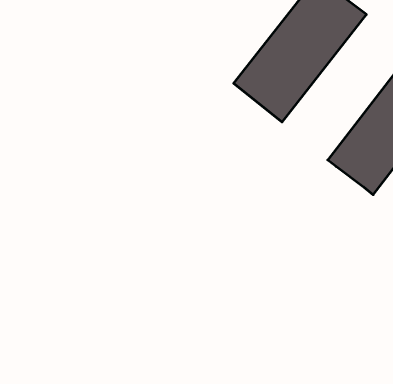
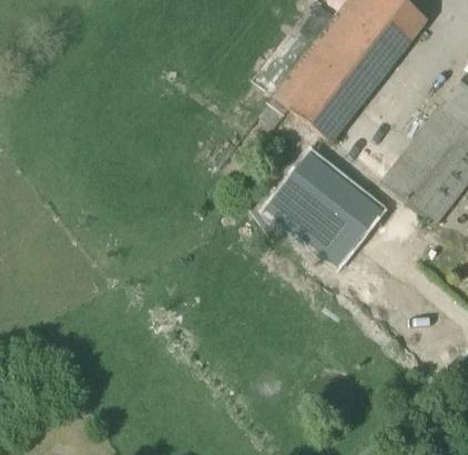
building: none -> [267,154,378,263]

